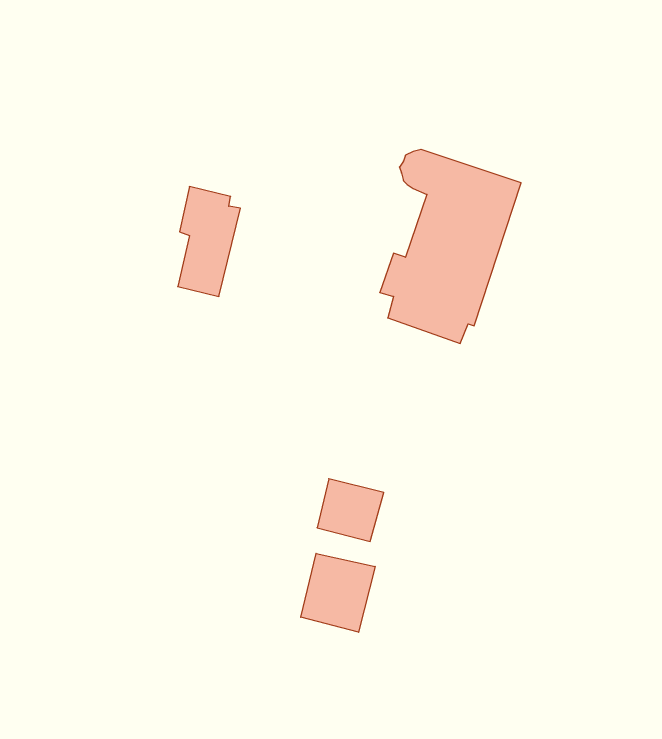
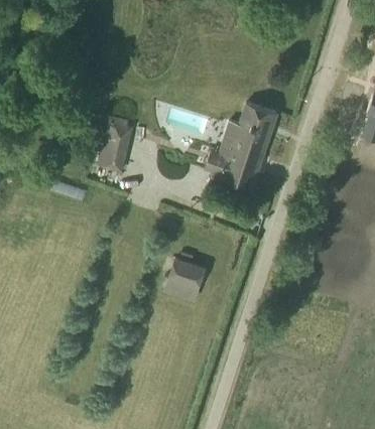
building: [301,553,375,632] -> none

